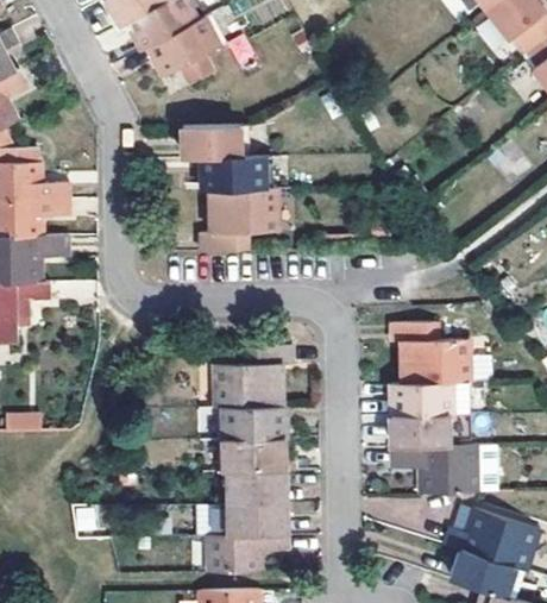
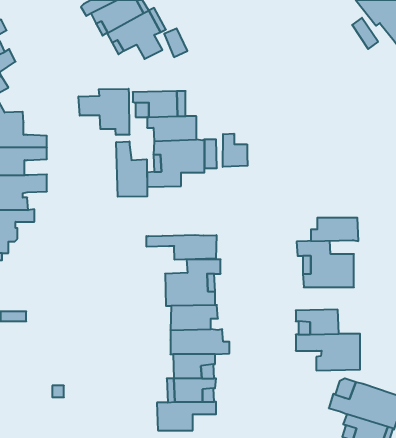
building: none -> [79,89,130,135]
building: none -> [223,134,248,167]
building: none -> [116,141,147,197]
building: none -> [146,235,216,260]
building: [395,383,458,414] -> [311,218,358,241]

